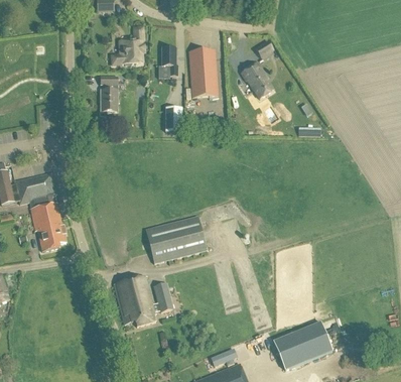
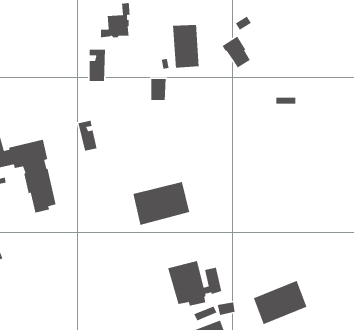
building: [158,47,177,78] -> none
building: none -> [77,120,97,152]
building: [115,276,173,326] -> [167,260,222,307]

